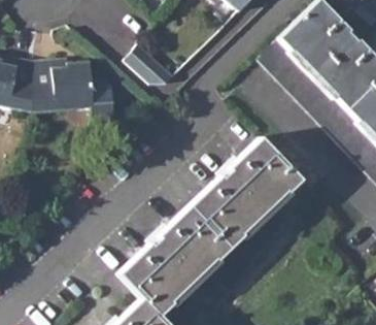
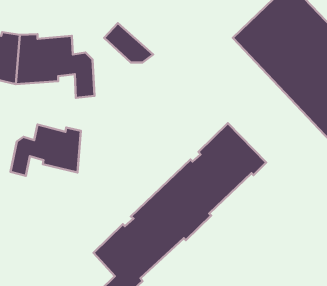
building: none -> [10,125,81,176]

